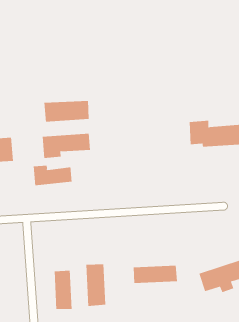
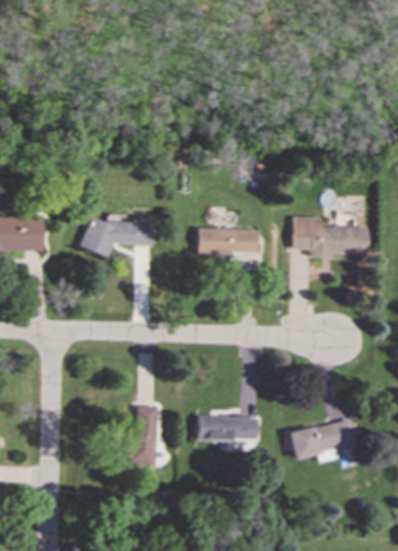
building: [43,100,90,122] -> [194,228,258,257]
building: [33,165,72,186] -> none
building: [54,270,72,310] -> none

